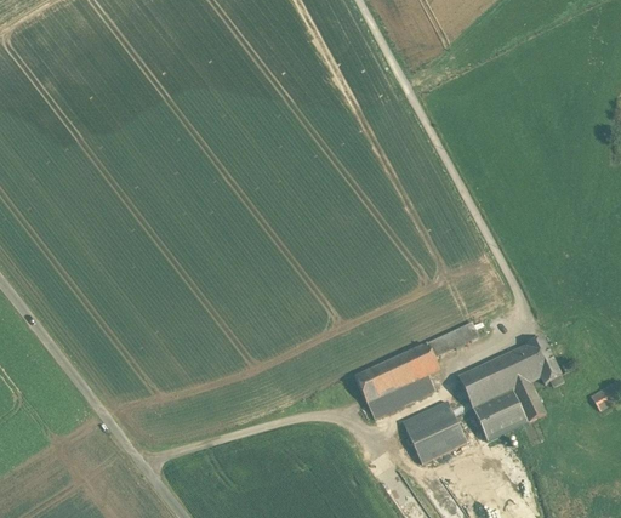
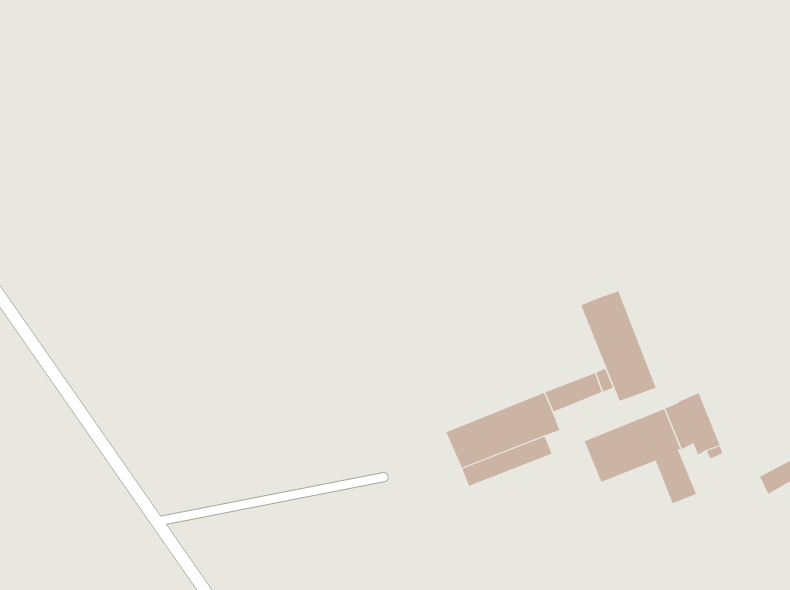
building: none -> [580,290,657,402]
building: [472,389,526,440] -> none
building: [401,400,466,462] -> none

